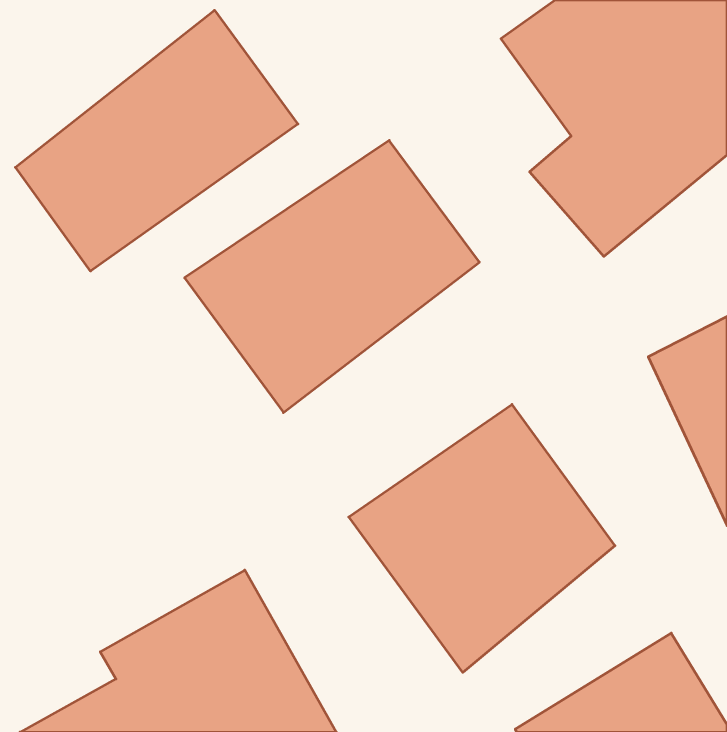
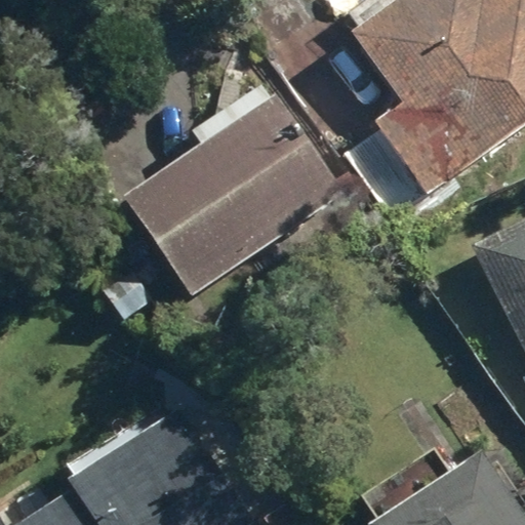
building: [15,10,298,271] -> none
building: [349,404,615,672] -> none

